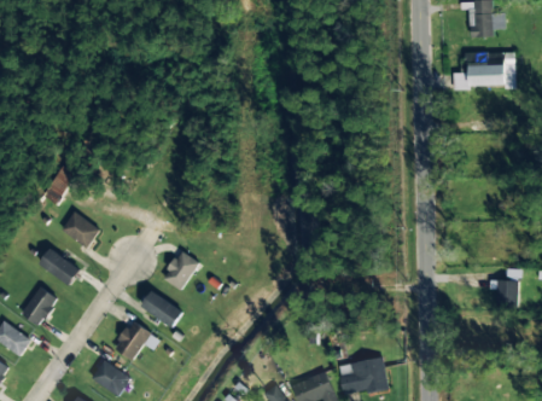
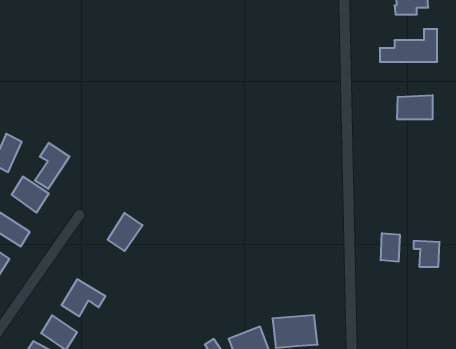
building: none -> [397,95,433,119]
building: none -> [35,143,69,189]
building: none -> [381,233,400,262]
building: [140,290,182,327] -> none

